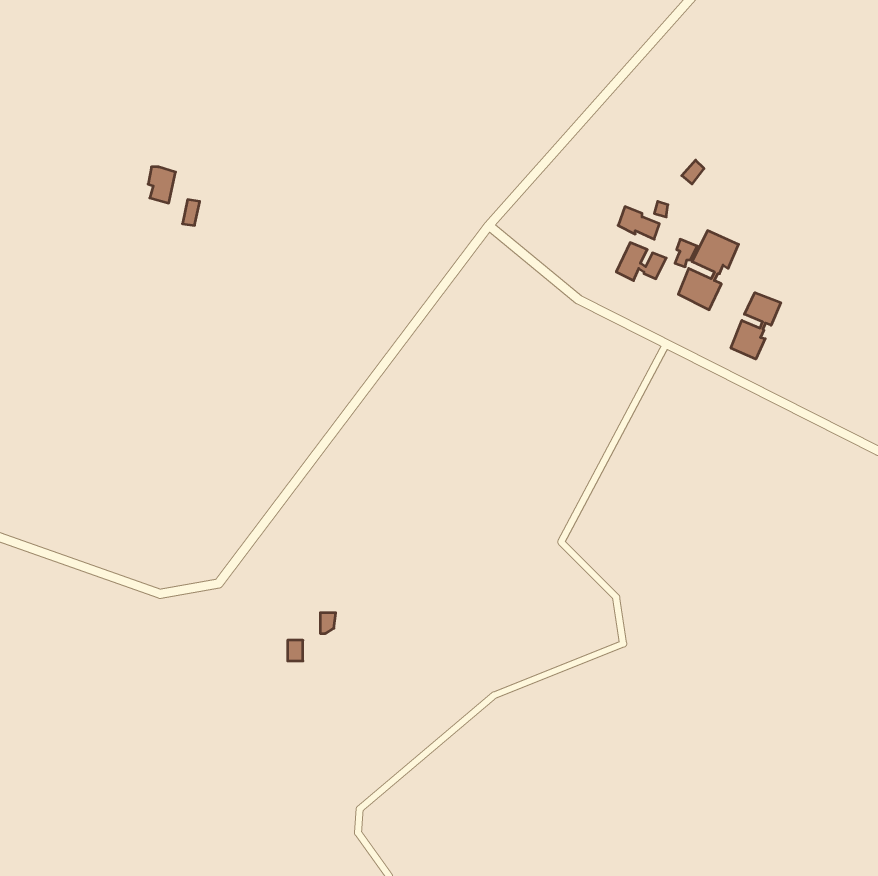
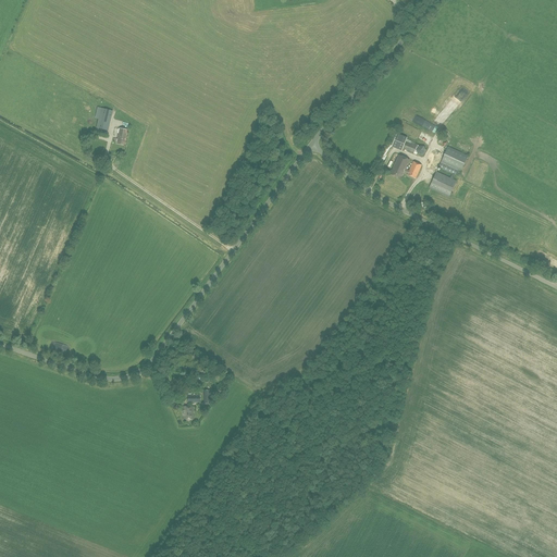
building: [731,293,781,359] -> none

